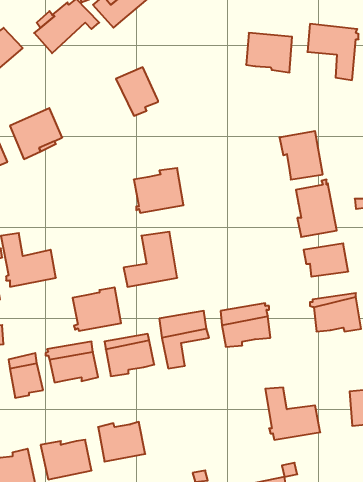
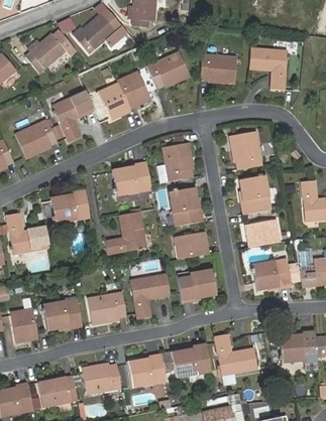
building: none -> [146,51,190,88]
building: none -> [117,71,150,106]
building: none -> [52,91,95,142]
building: none -> [162,143,193,181]
building: none -> [171,186,206,226]
building: none -> [176,233,210,259]
building: [73,287,121,331] -> [51,189,90,224]
building: none -> [171,340,209,376]
building: none -> [125,350,165,386]

